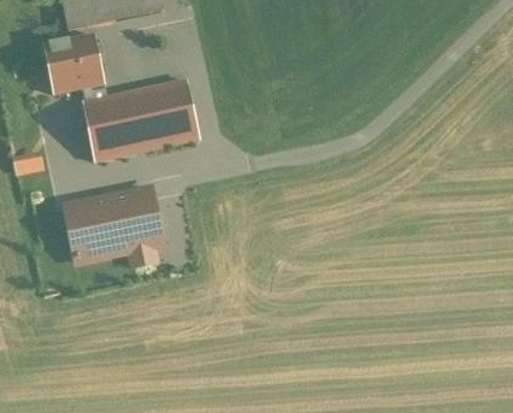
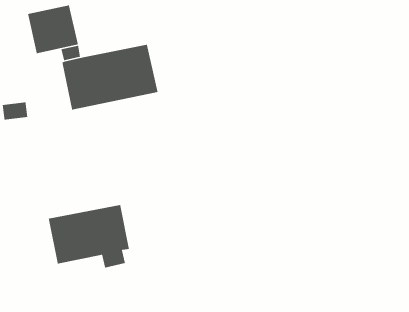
building: [64,188,161,265] -> [48,204,130,269]

